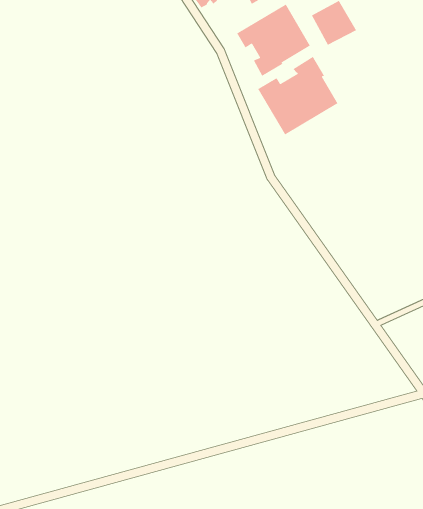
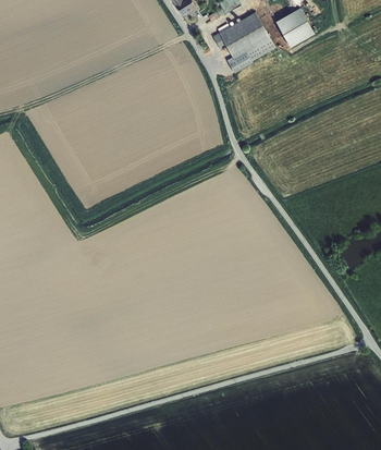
building: [257,56,339,136] -> none

